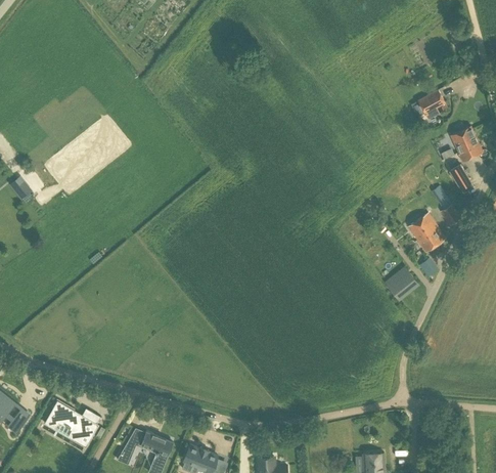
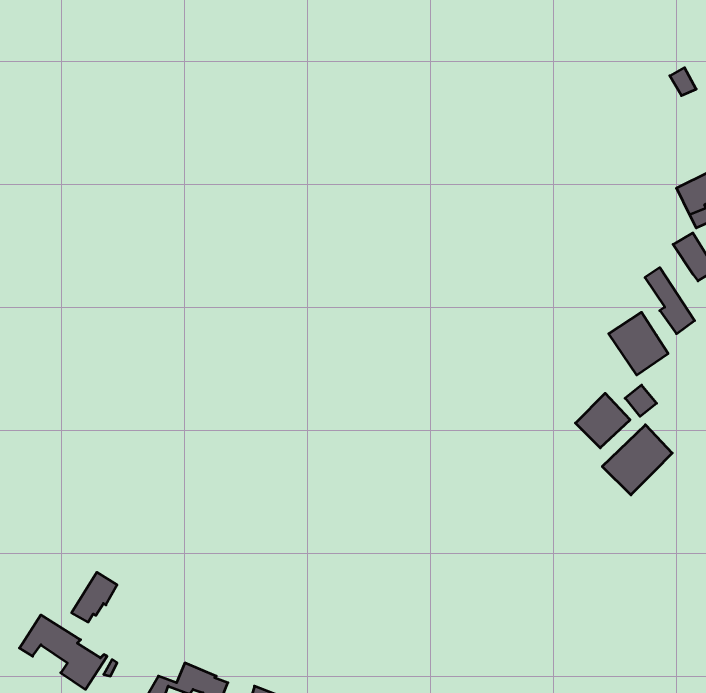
building: [417,90,445,116] -> none
building: none -> [602,425,672,495]
building: none -> [72,572,117,622]

